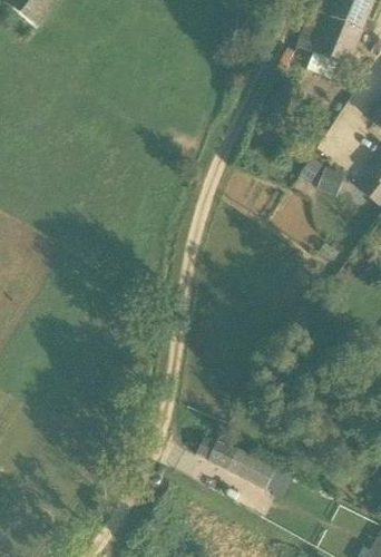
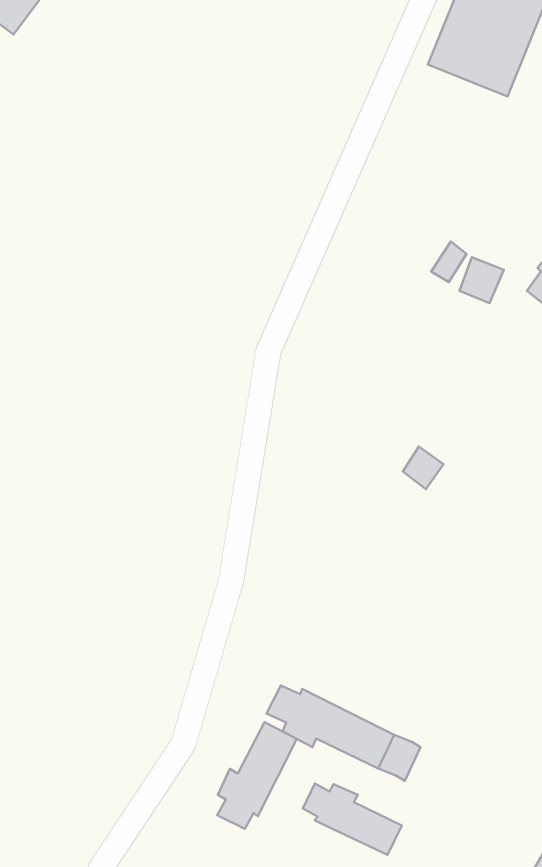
building: none -> [217,722,297,829]
building: none -> [303,784,402,855]

